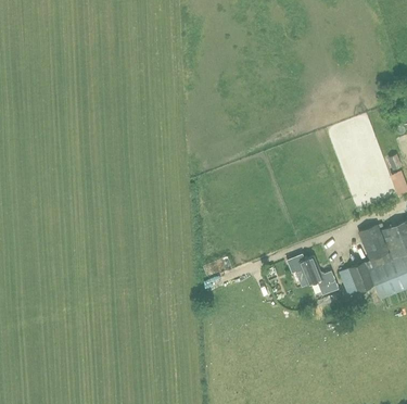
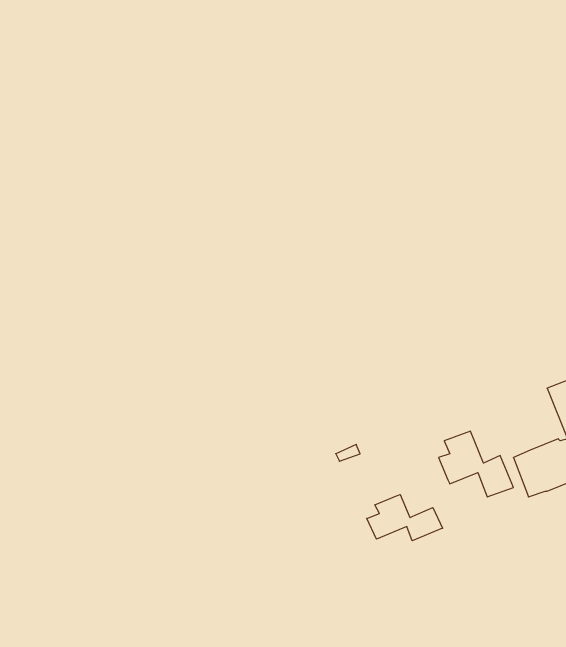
building: none -> [367,495,443,541]

